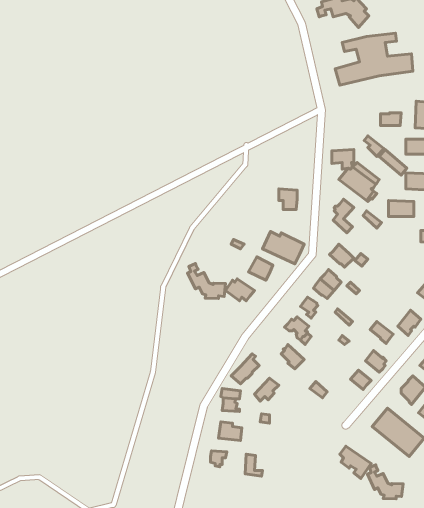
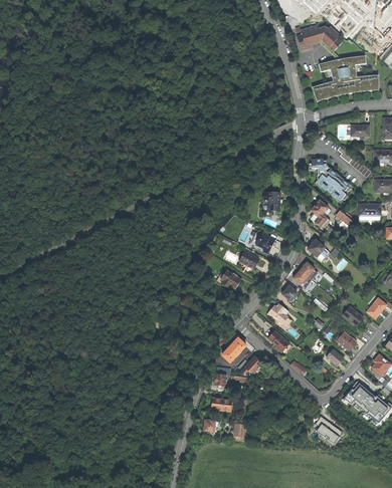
building: [187,264,225,299] -> none
building: [368,465,403,499] -> none

